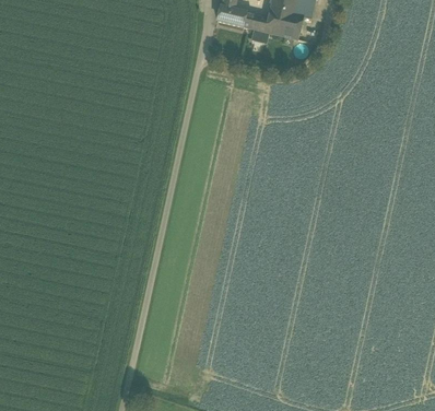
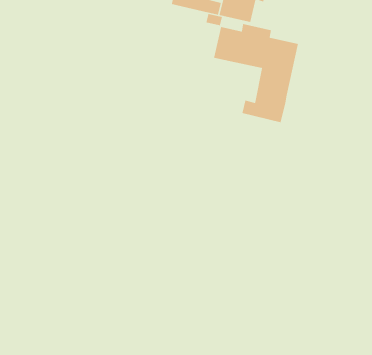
building: none -> [213,23,299,123]

